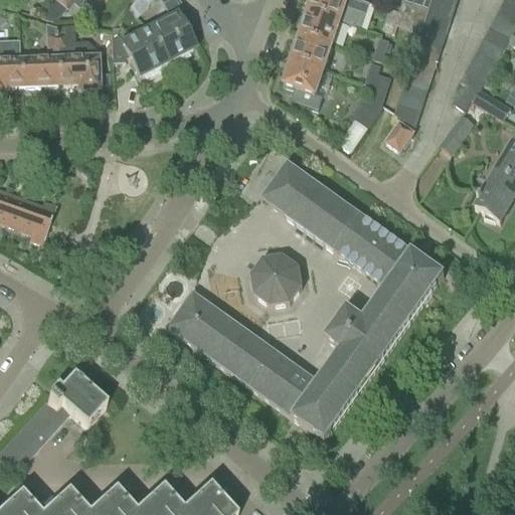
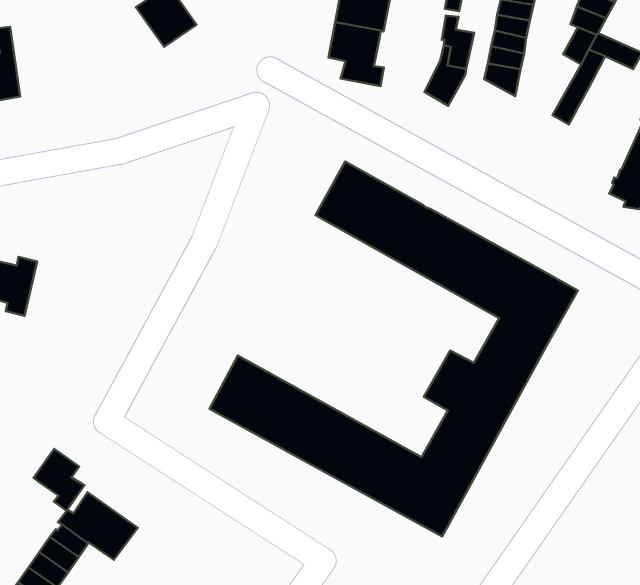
building: [112,28,166,73] -> none
building: [56,31,99,88] -> none
building: [384,119,415,151] -> none
building: [250,252,301,304] -> none
building: none -> [34,449,84,511]

